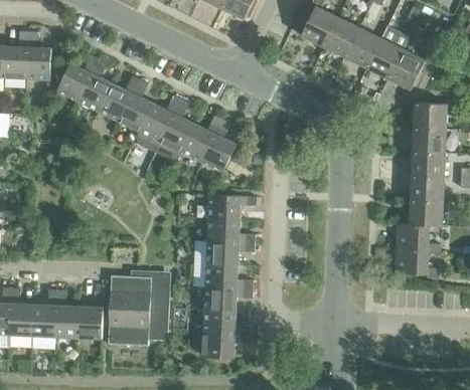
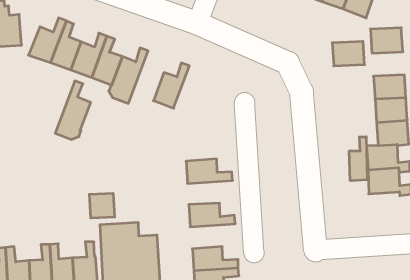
building: [154,100,194,160] -> [55,81,91,139]
building: [200,120,236,172] -> none
building: [412,127,445,153] -> [332,41,365,66]
building: [207,194,256,219] -> none
building: none -> [349,137,367,181]
building: [205,241,254,265] -> none
building: none -> [89,193,115,218]
building: [204,286,252,311] -> none

